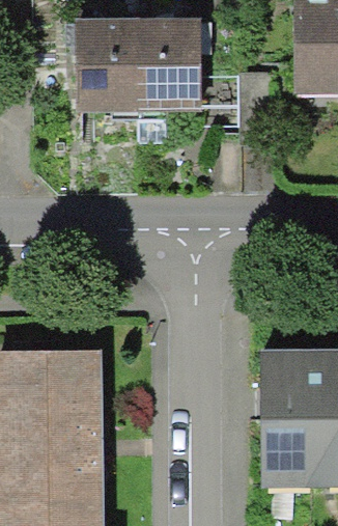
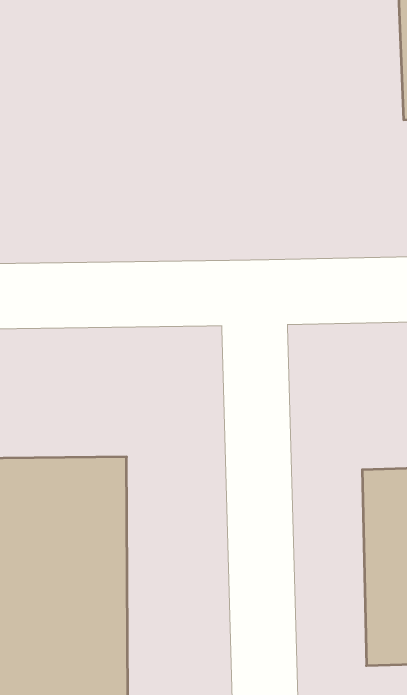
building: [82,20,205,114] -> none

